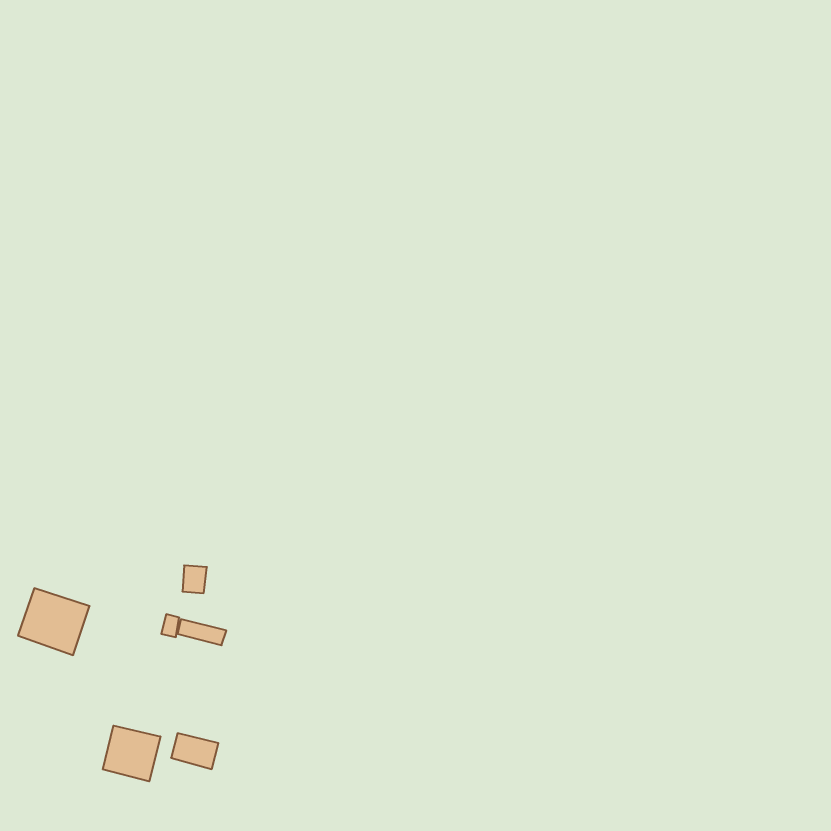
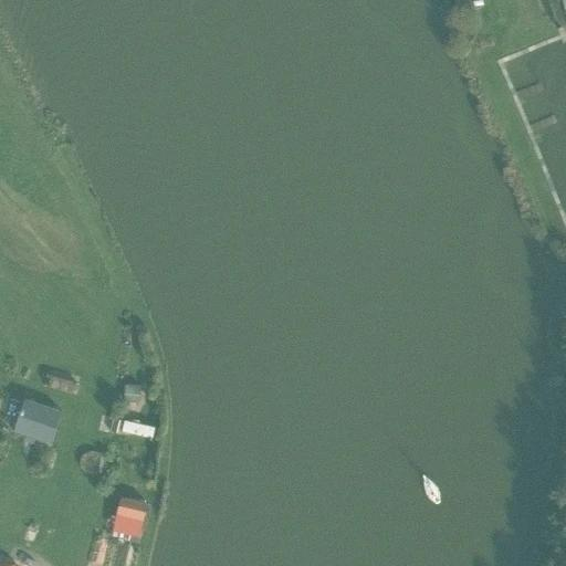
building: [103,726,160,781] -> none

